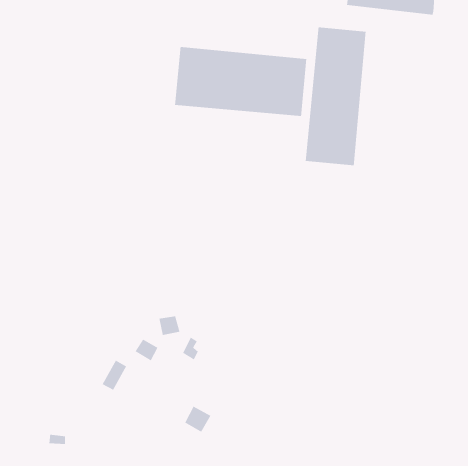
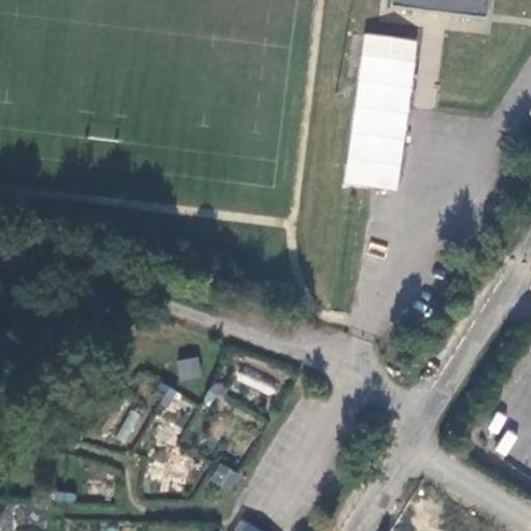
building: [174,46,307,117] -> none

